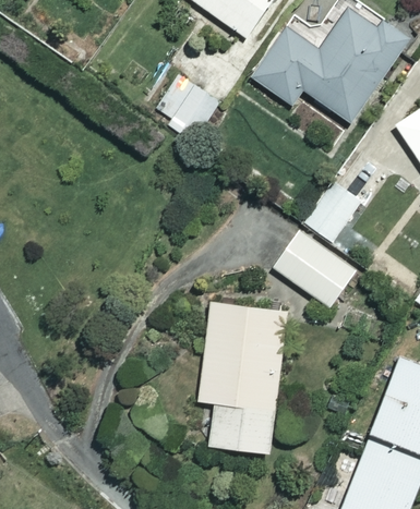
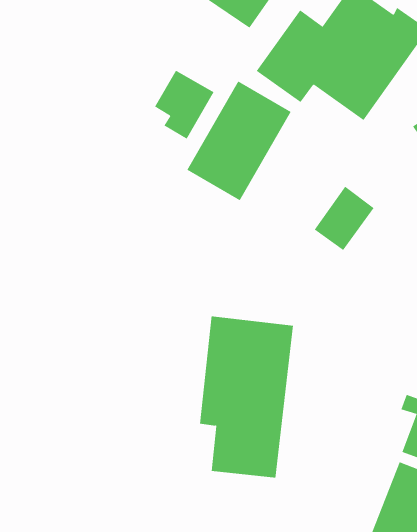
building: none -> [186,80,292,201]
building: [273,231,355,306] -> none

